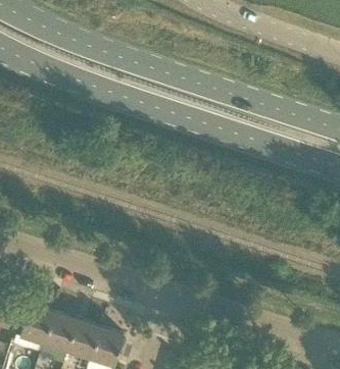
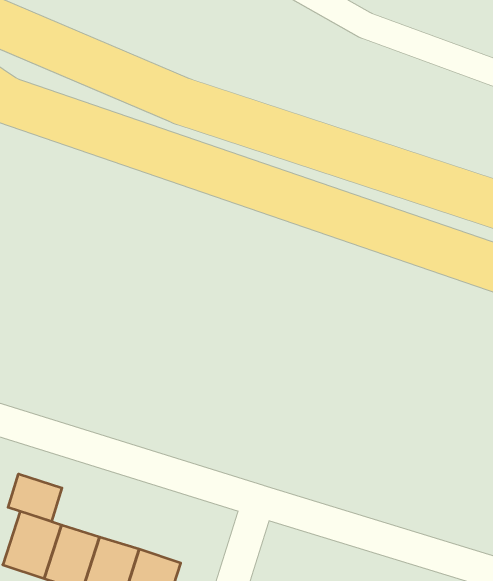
building: none -> [8,474,62,521]

